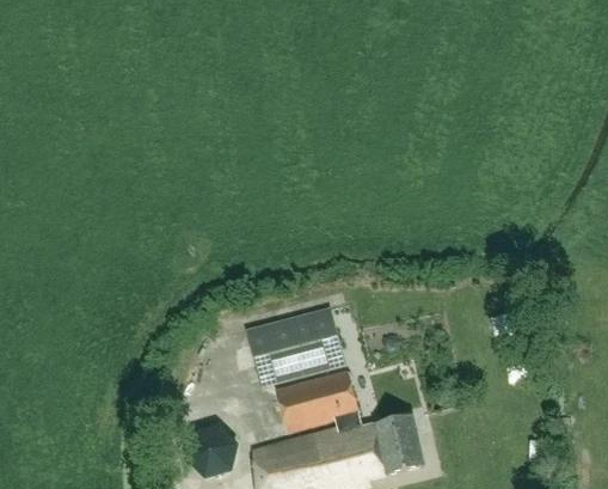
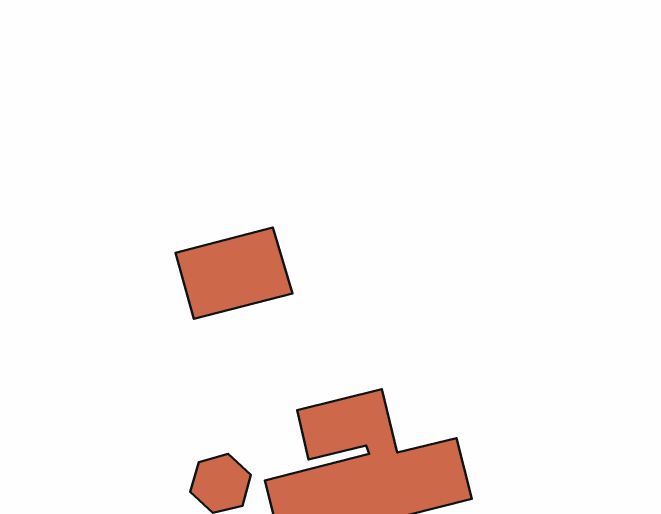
building: [246,307,345,385] -> [176,228,292,319]

